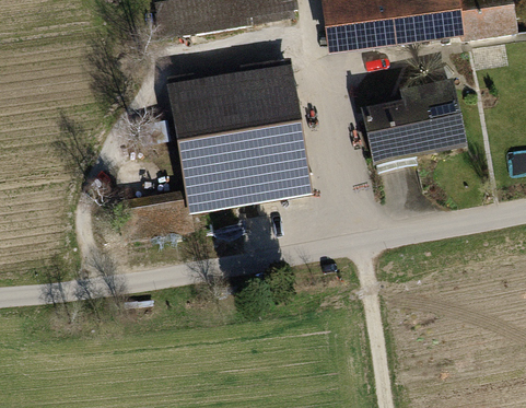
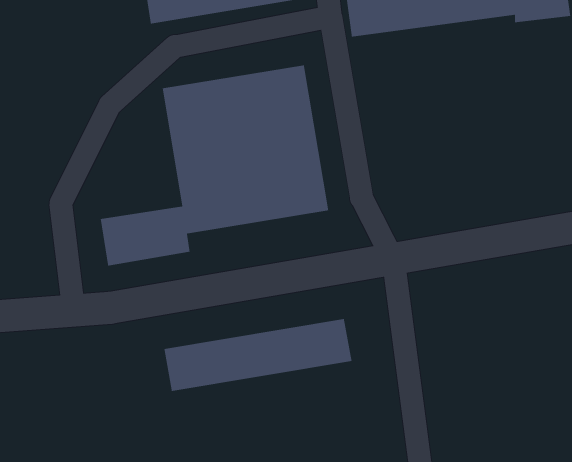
building: [366,84,471,177] -> none
building: none -> [164,318,352,392]

